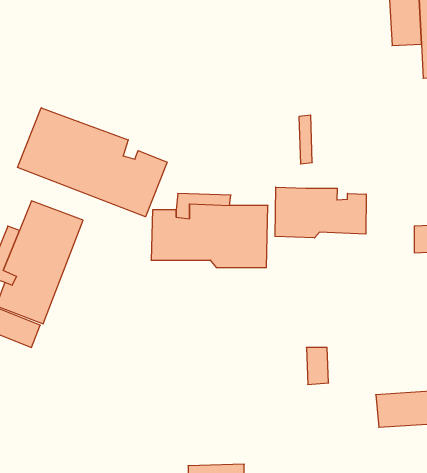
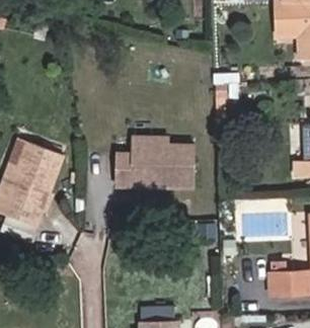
building: [17,108,167,217] -> none
building: [275,187,366,238] -> none

